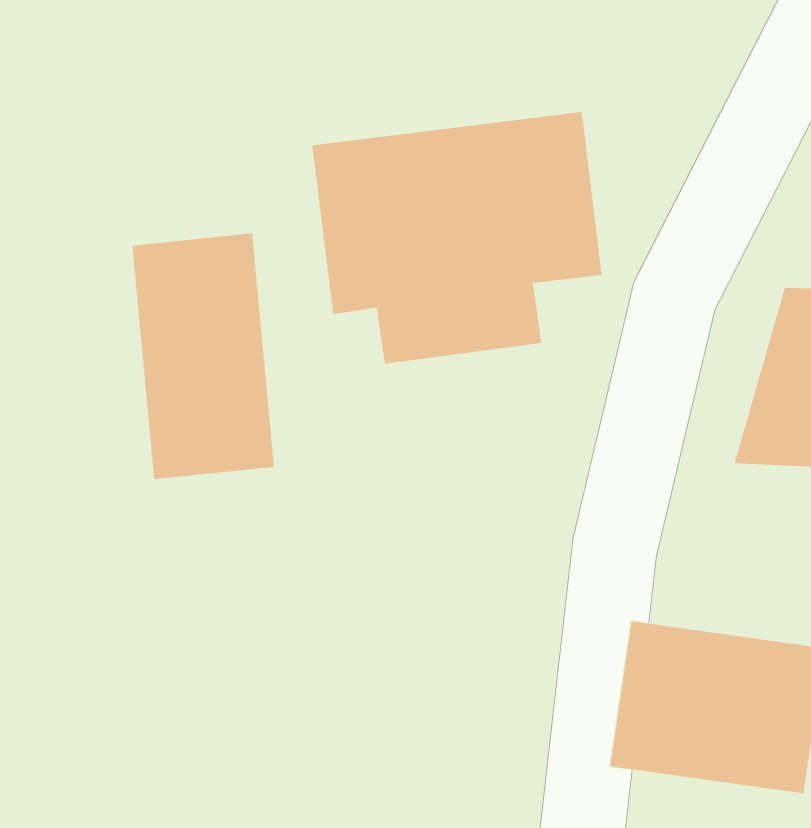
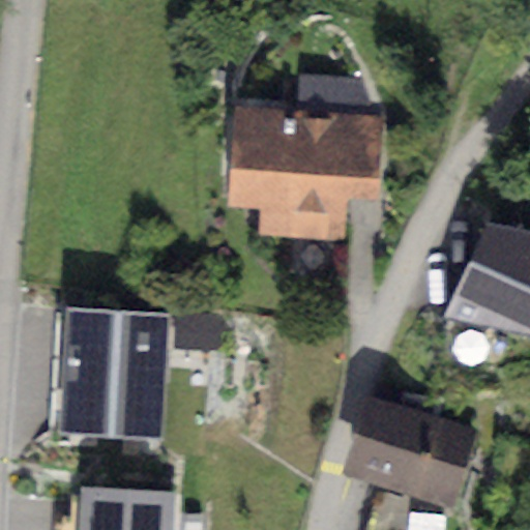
building: [132,233,275,480] -> none
building: none -> [58,311,168,437]

